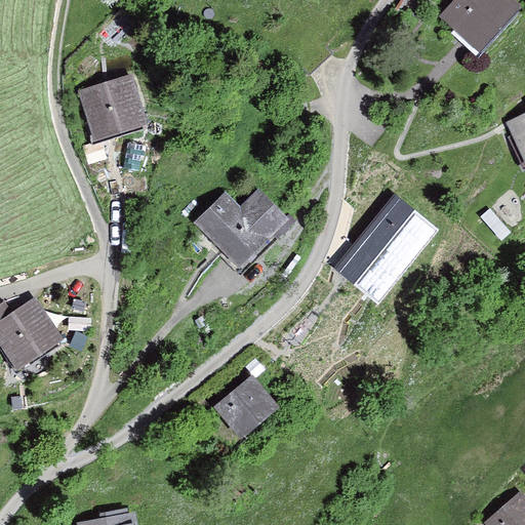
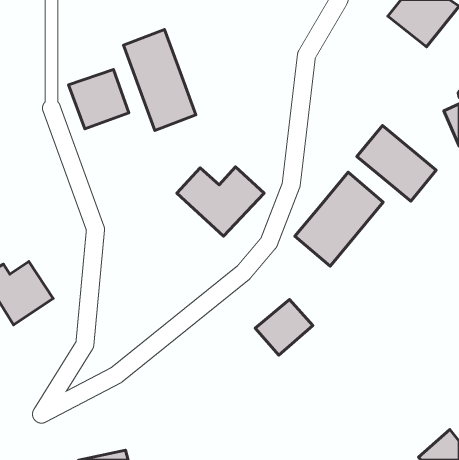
building: none -> [123,29,196,130]
building: none -> [357,125,436,201]
building: [210,375,276,439] -> [255,299,313,355]

